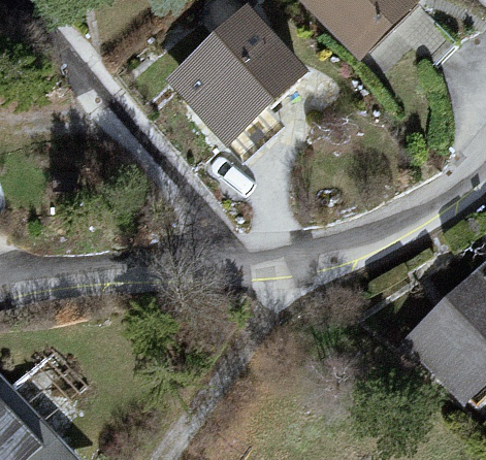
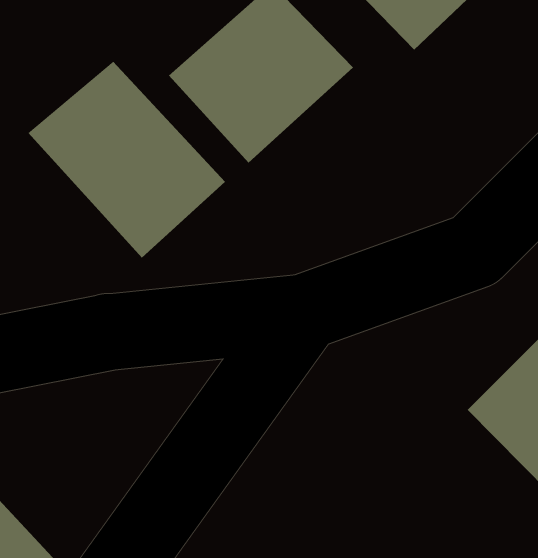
building: none -> [28,61,226,259]

